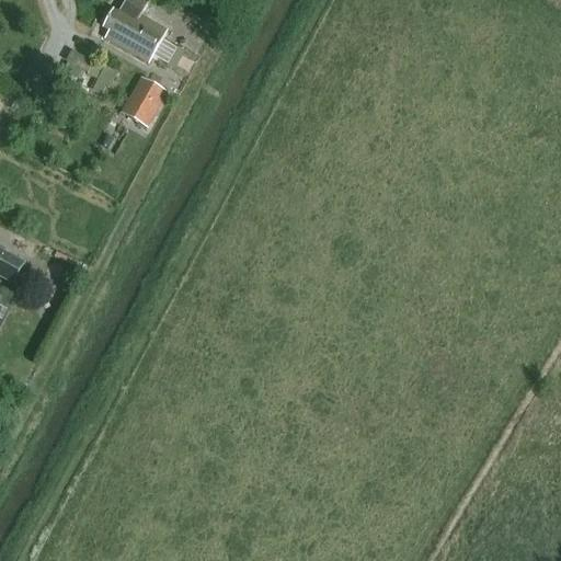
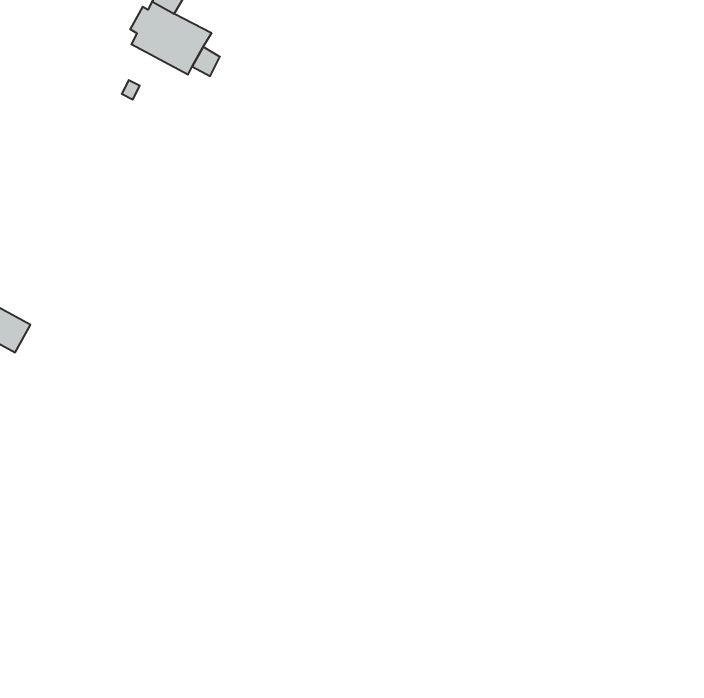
building: [123,81,164,126] -> none

